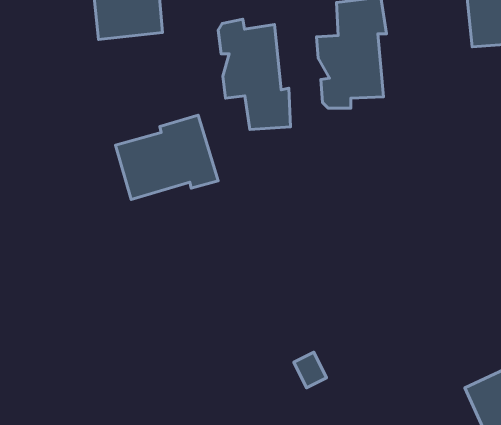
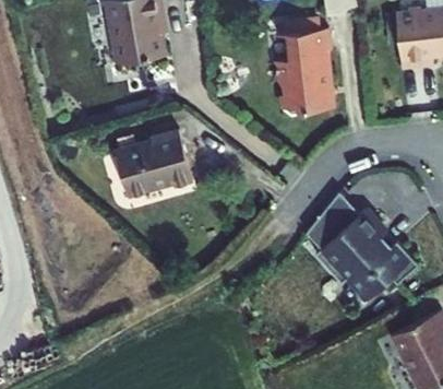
building: [218,19,291,129] -> none
building: none -> [302,192,414,299]

